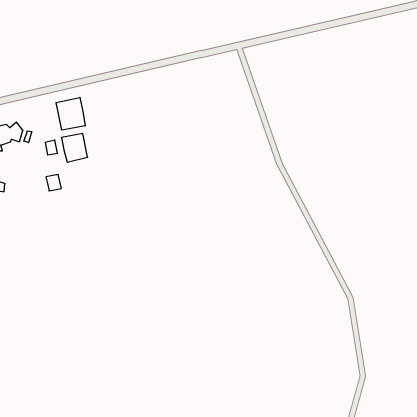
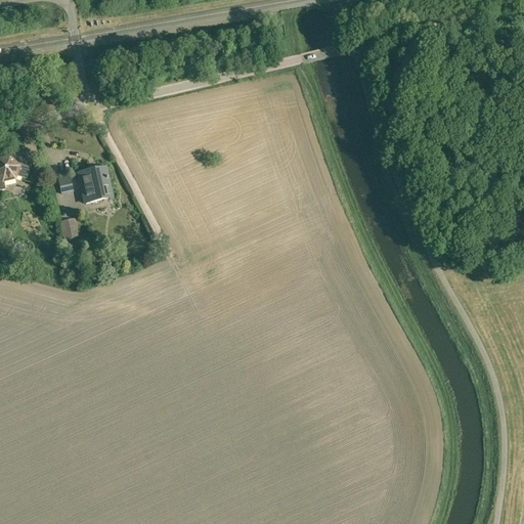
building: [56,97,85,130] -> none

